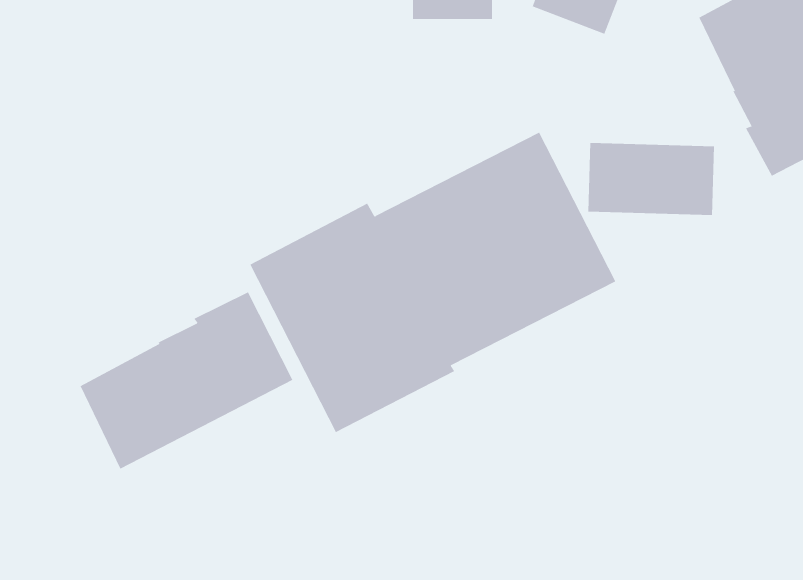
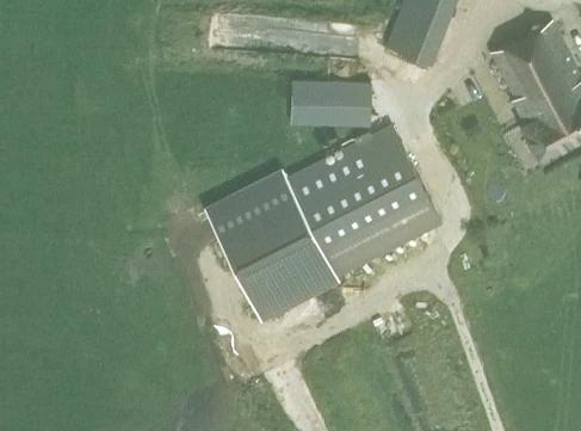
building: [588,142,715,215] -> [291,80,372,127]
building: [80,292,293,469] -> none

